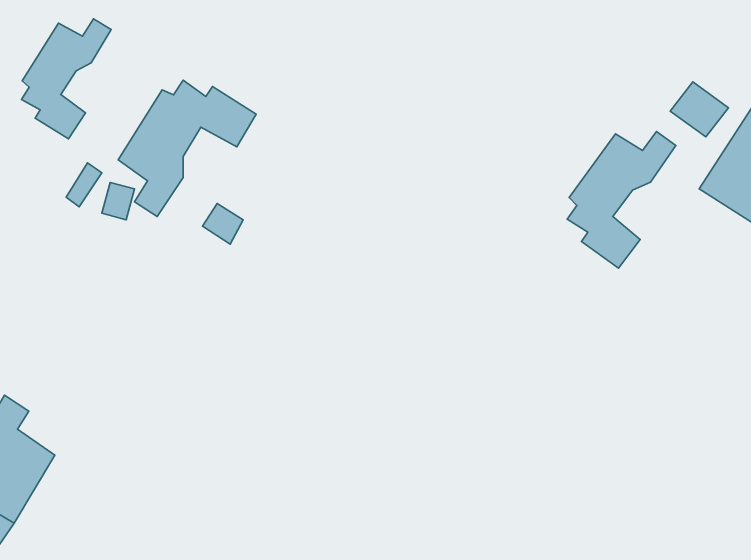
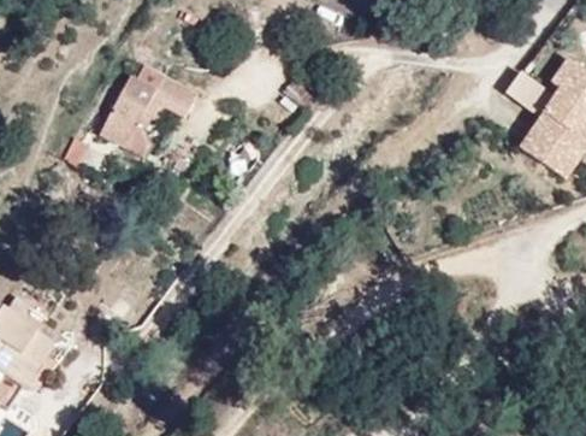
building: [22,19,111,139] -> none
building: [567,132,676,268] -> none

